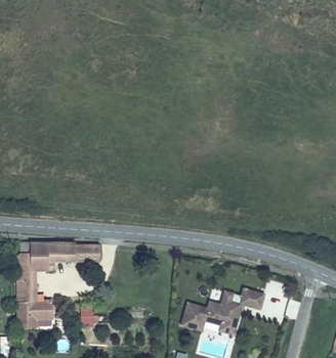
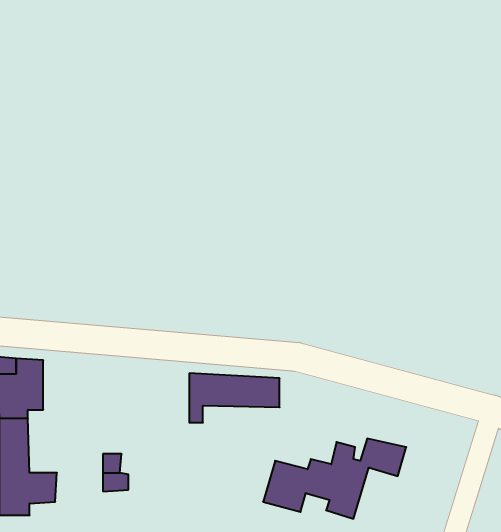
building: [46,241,100,271] -> [189,373,280,423]

